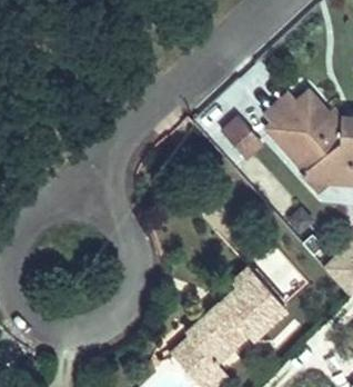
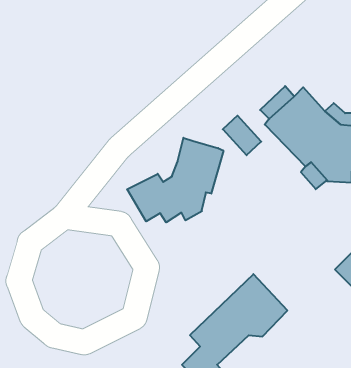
building: none -> [127,138,223,222]

